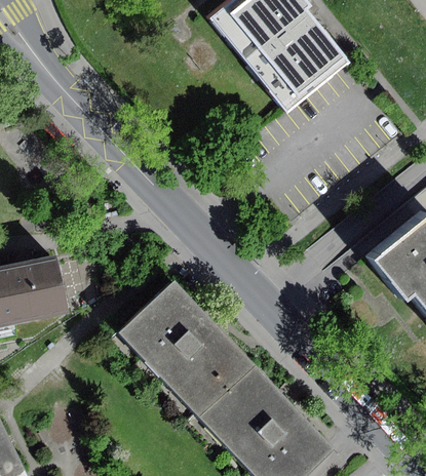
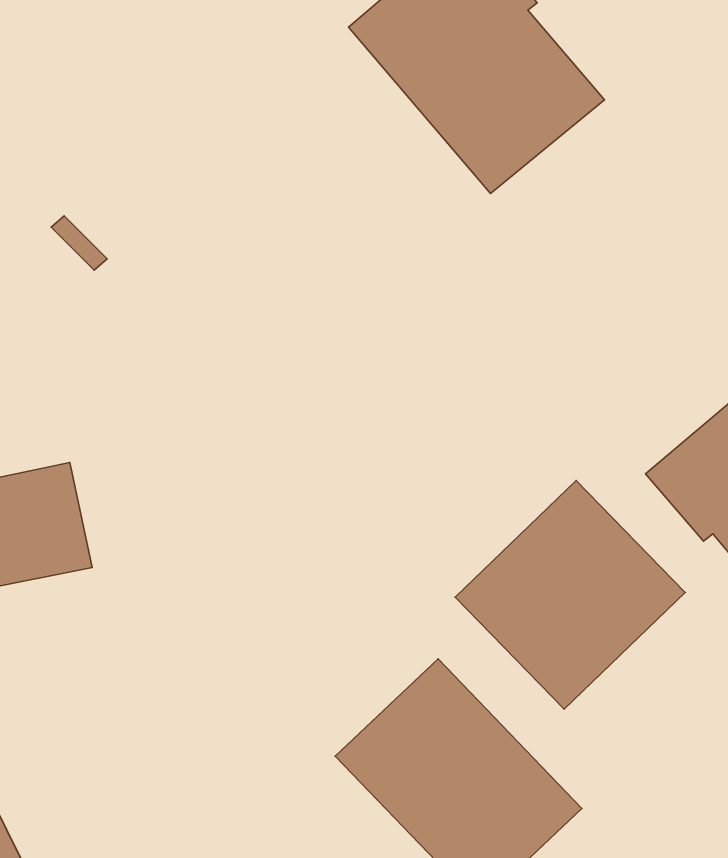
building: none -> [455,481,685,709]
building: [118,280,256,418] -> none

